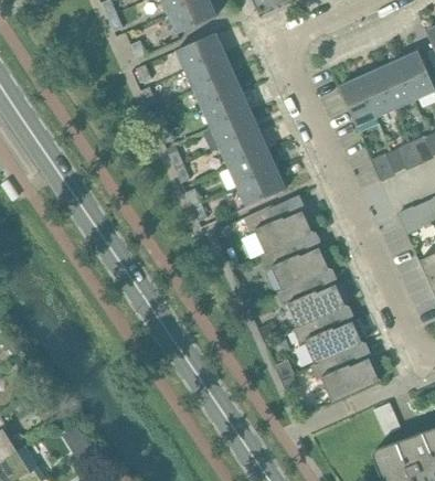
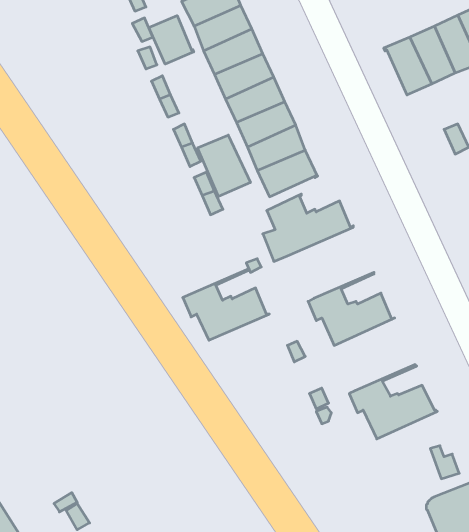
building: none -> [149,16,194,64]
building: none -> [198,135,250,197]
building: [261,231,330,288] -> [183,269,269,340]
building: [294,303,363,362] -> none

